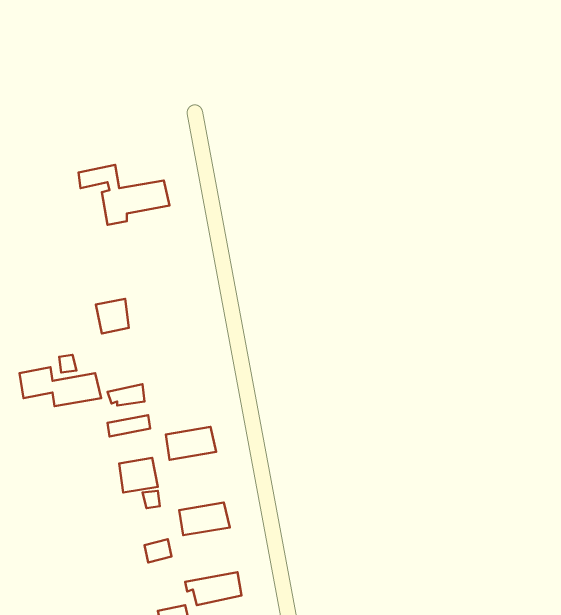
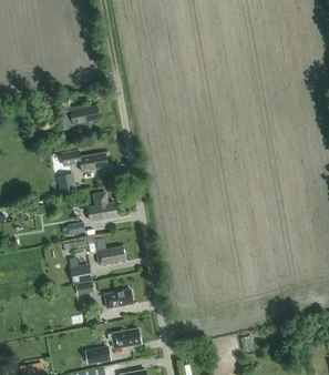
building: none -> [89,192,116,221]
building: [20,367,101,406] -> [61,149,107,171]

